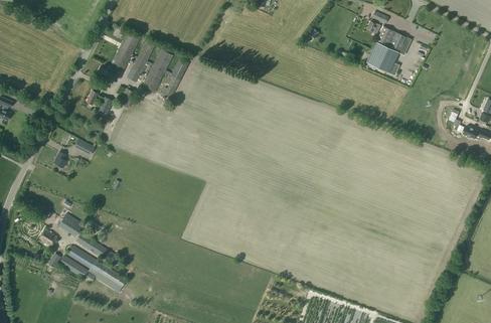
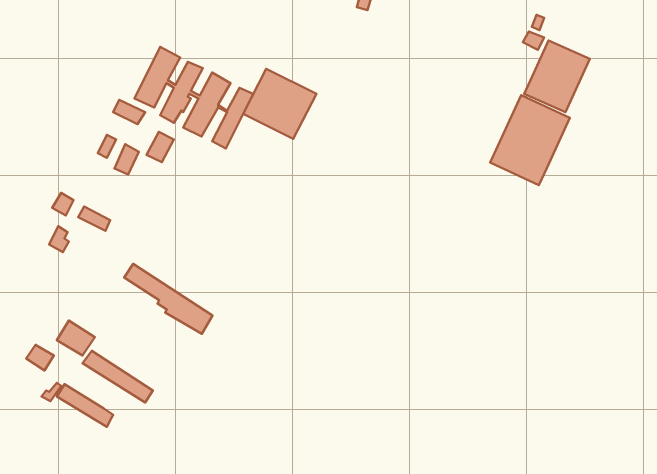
building: none -> [243,69,316,139]
building: none -> [490,95,570,185]
building: [67,246,126,292] -> [124,264,212,334]

